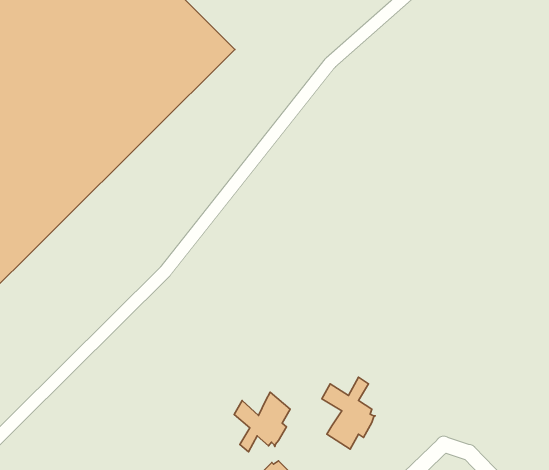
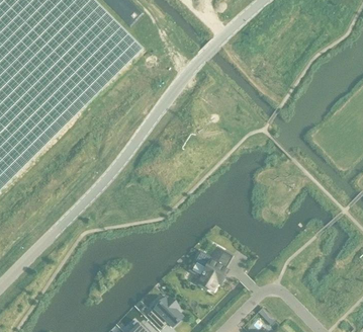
building: [234,392,290,452] -> none

